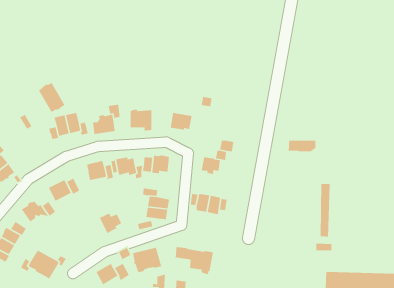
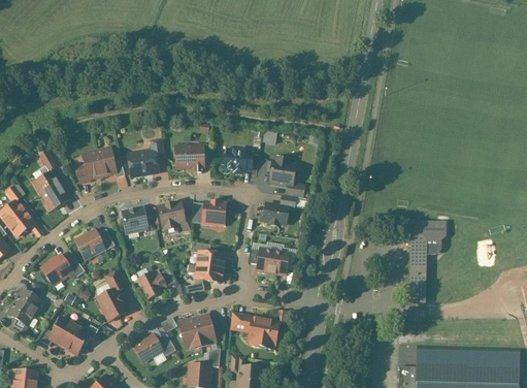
building: [38,82,65,113] -> [34,171,68,209]
building: none -> [269,161,296,186]
building: [288,140,316,152] -> [410,222,446,237]
building: none -> [97,270,128,321]

